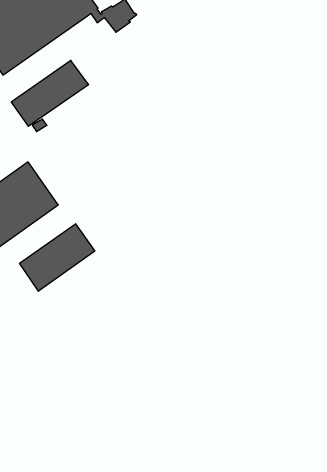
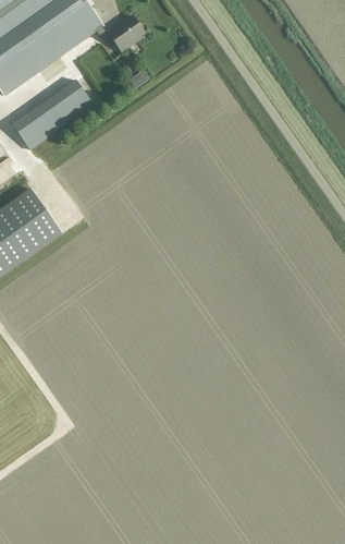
building: [20,224,95,291] -> none

